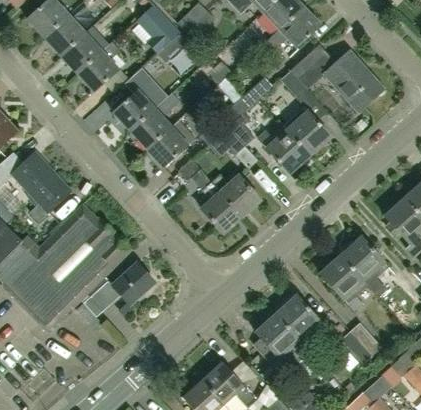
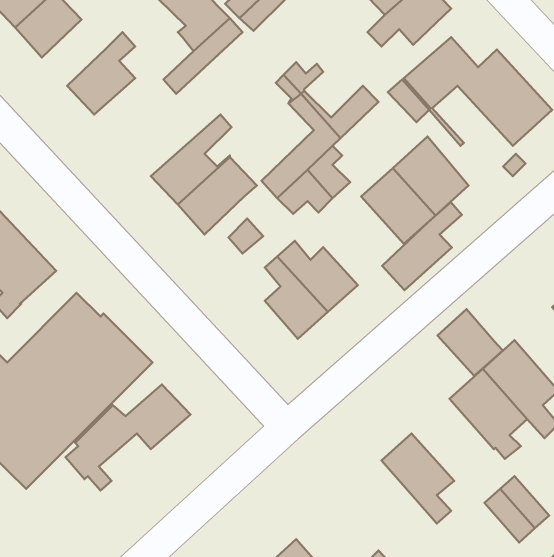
building: [61,32,102,74] -> none
building: [113,81,174,131] -> none
building: none -> [382,202,462,290]
building: none -> [437,309,503,376]
building: [255,311,311,364] -> none

